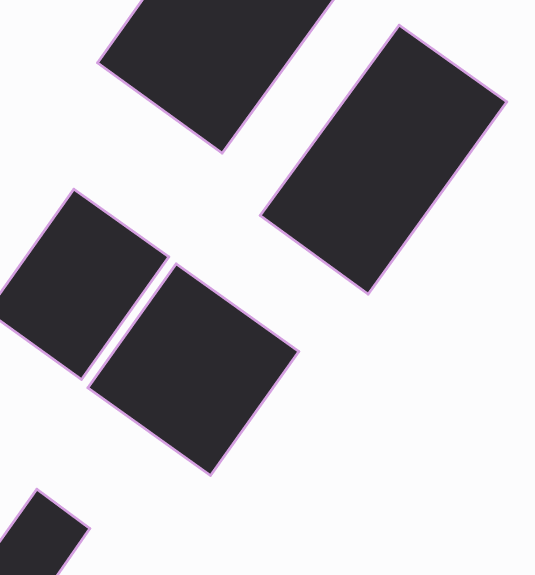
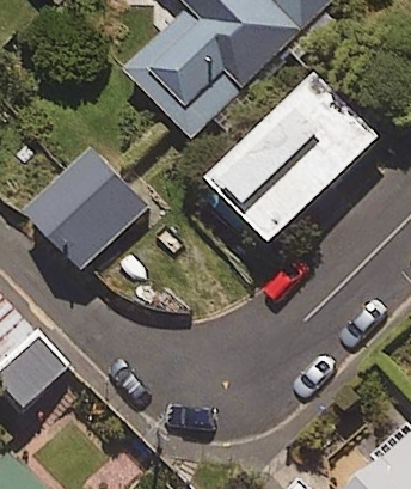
building: [88,264,299,475] -> none

